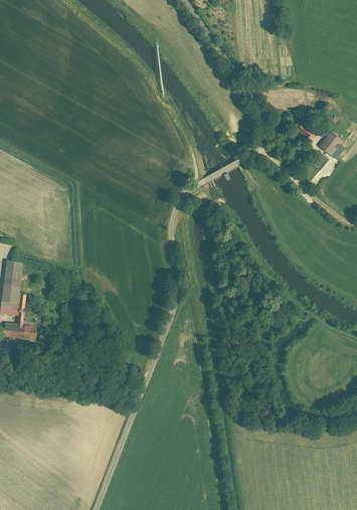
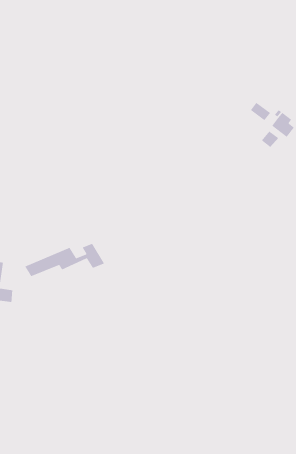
building: none -> [24,243,105,277]

